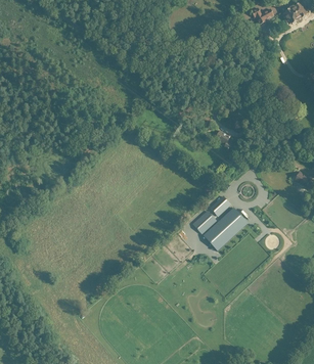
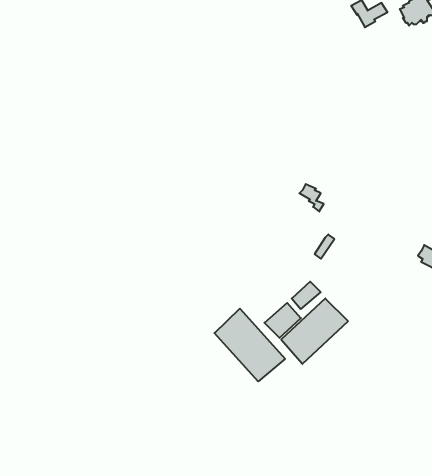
building: none -> [214,309,285,381]

